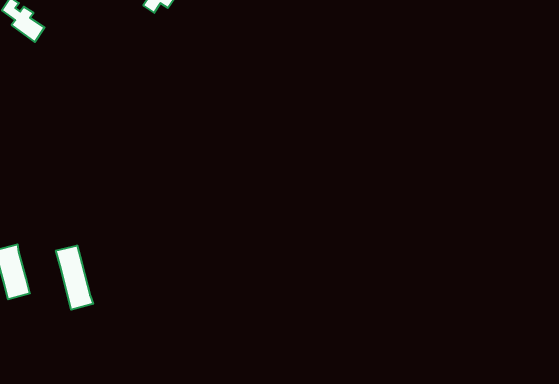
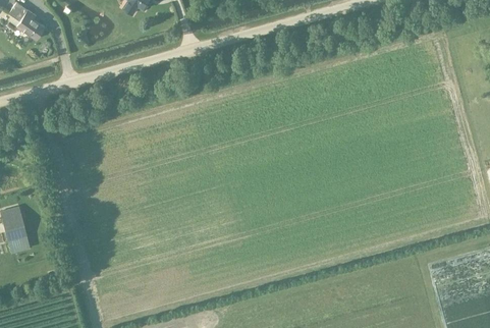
building: [56,245,93,310] -> none

